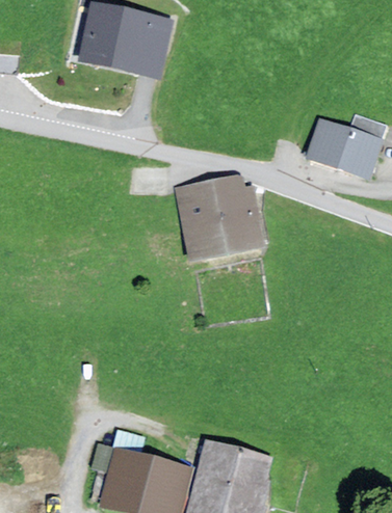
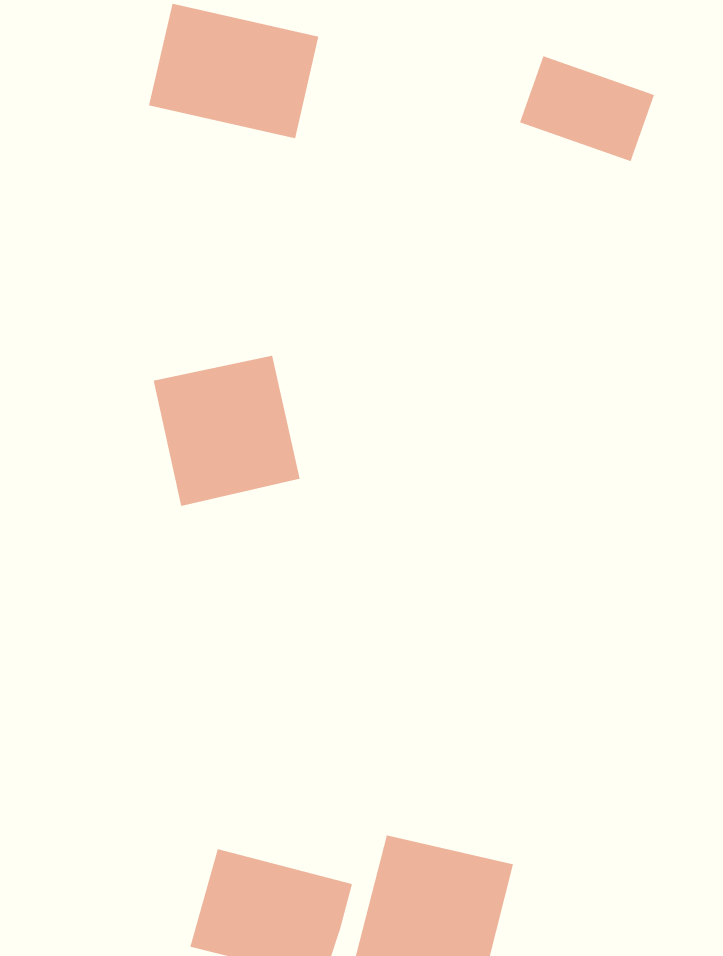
building: [307,119,378,176] -> [519,56,655,162]
building: [178,176,256,255] -> [153,355,300,506]

